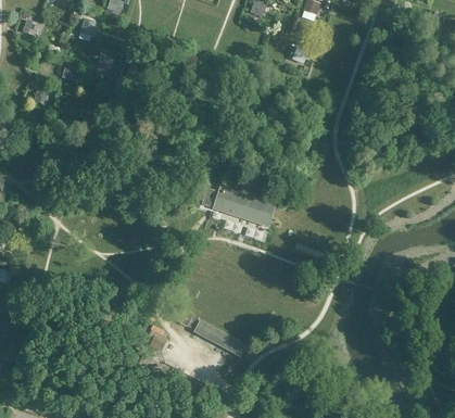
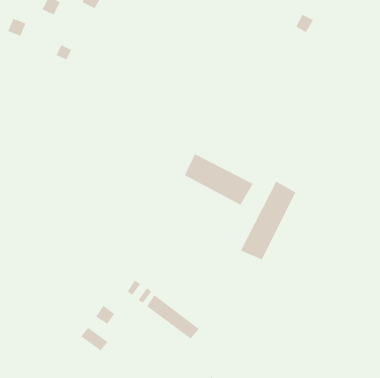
building: none -> [240,181,296,260]

